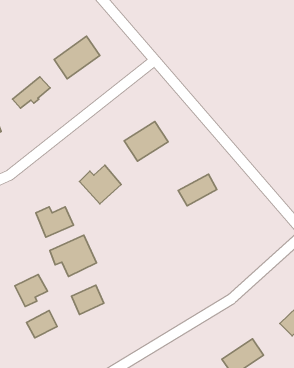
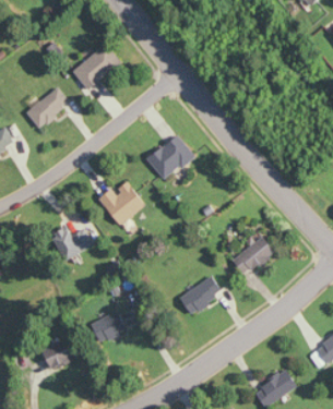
building: [178,174,217,206] -> [230,239,272,273]
building: [50,235,96,277] -> none
building: none -> [175,278,221,315]
building: [15,274,48,306] -> none

